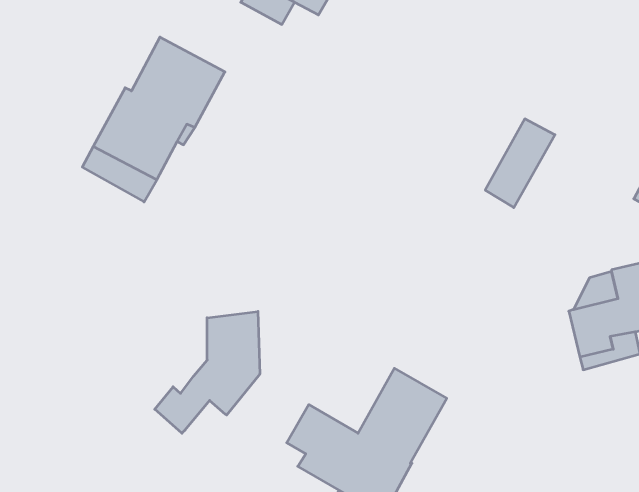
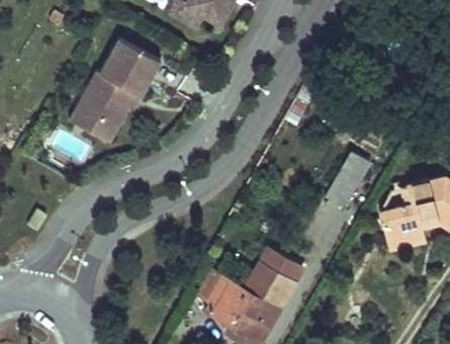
building: [485,119,555,208] -> [326,153,370,209]
building: [155,311,260,433] -> none

